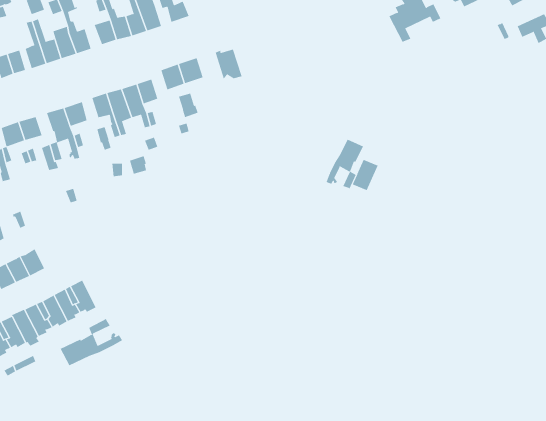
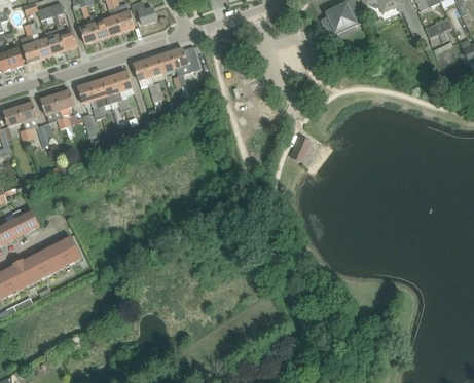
building: none -> [163,49,191,102]
building: [326,139,364,190] -> none
building: [60,318,123,366] -> none

